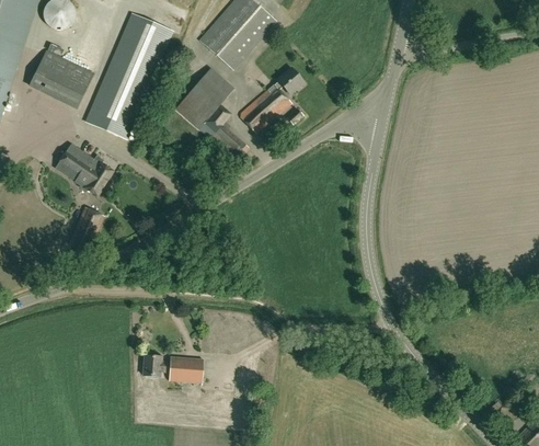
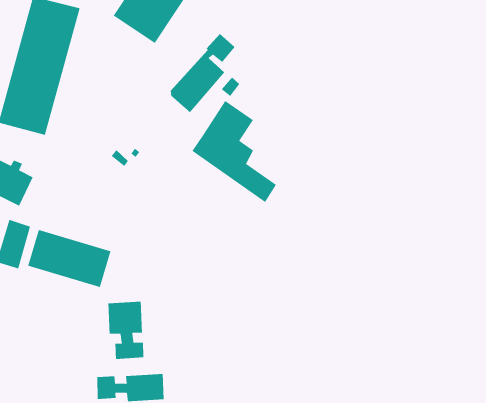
building: [176,66,248,160] -> [191,100,277,203]
building: none -> [28,229,111,288]
building: none -> [108,301,144,360]

